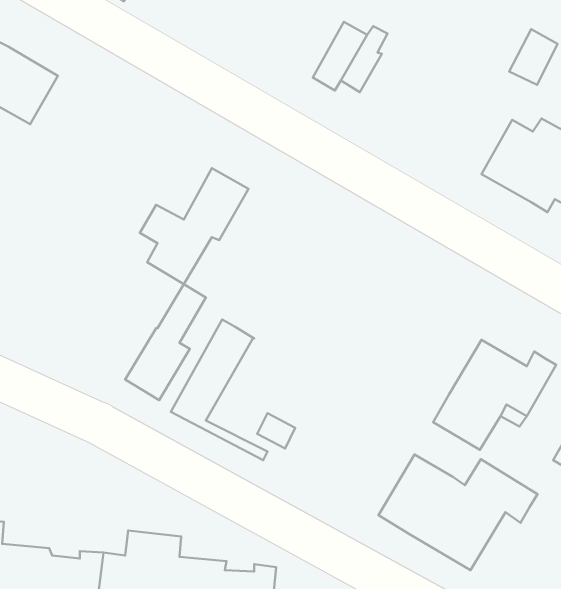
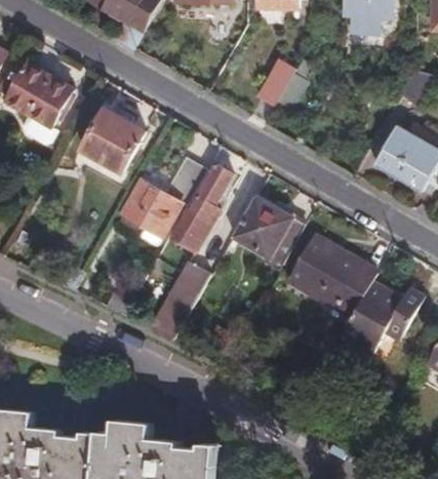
building: none -> [80,111,143,173]
building: none -> [229,200,301,268]
building: none -> [284,234,374,318]
building: [125,284,206,400] -> [177,169,234,250]
building: [378,455,537,570] -> none

